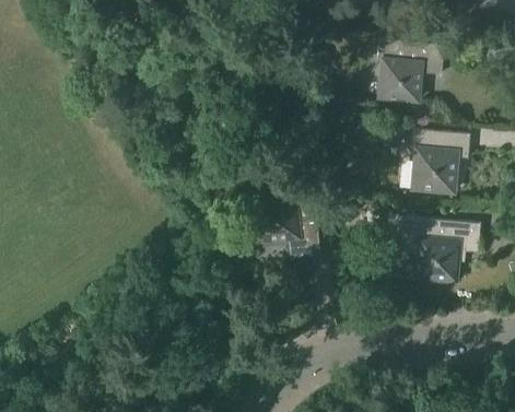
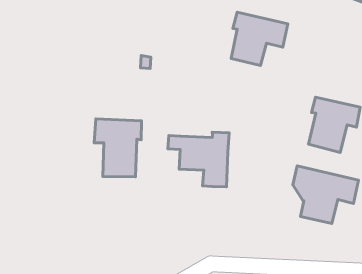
building: [376,42,443,103] -> [231,12,288,65]
building: none -> [94,119,142,177]

